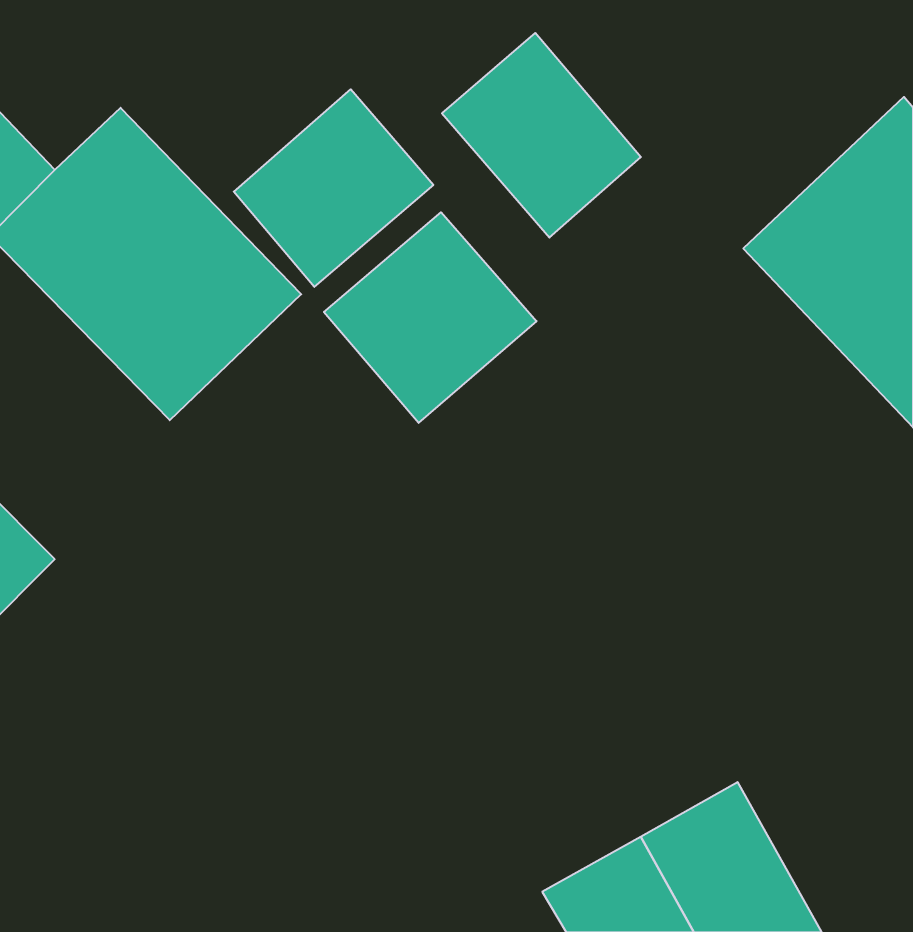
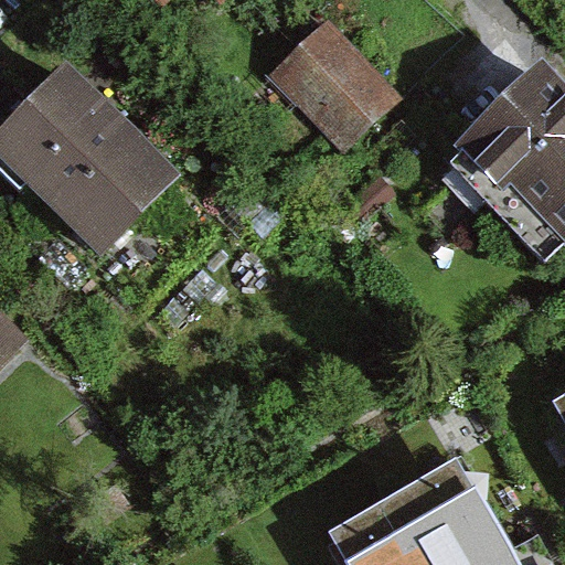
building: [234,89,433,287] -> none
building: [324,212,537,423] -> none

